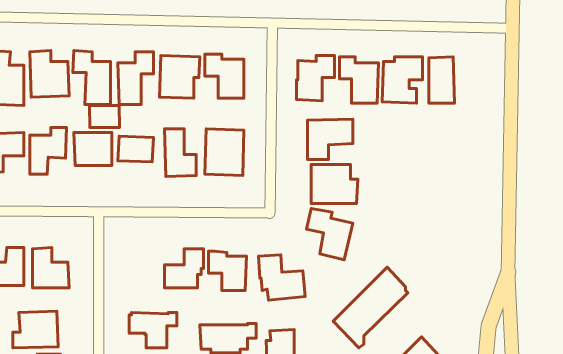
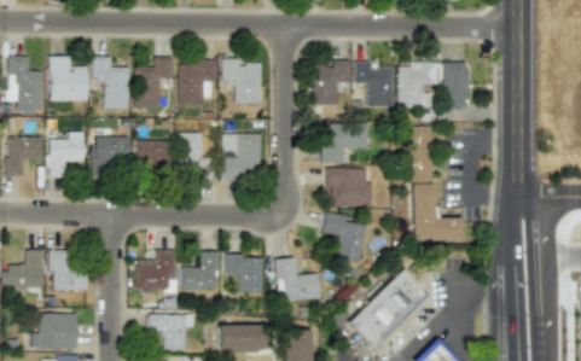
building: [90,105,119,127] -> none
building: none -> [408,126,463,241]
building: none -> [136,250,176,293]

